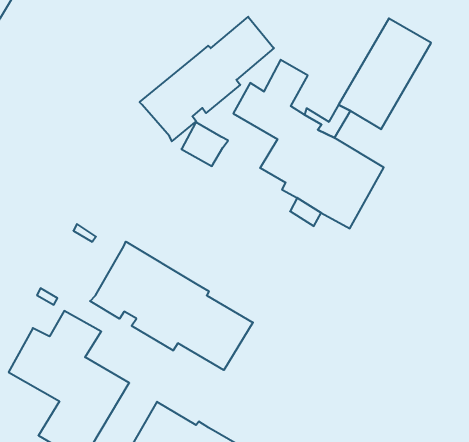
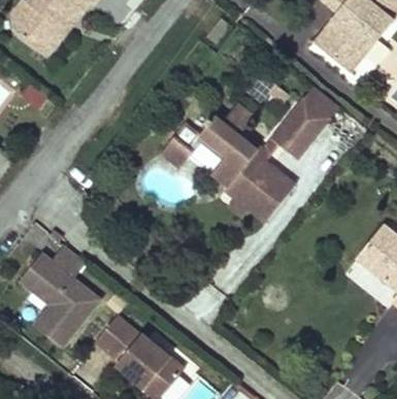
building: [140,17,274,141] -> none
building: [90,242,253,370] -> none

